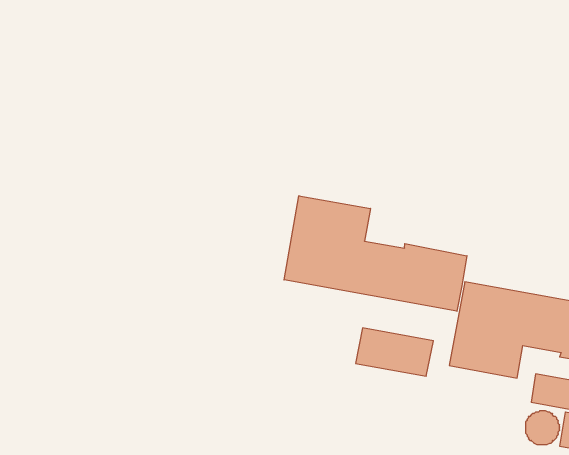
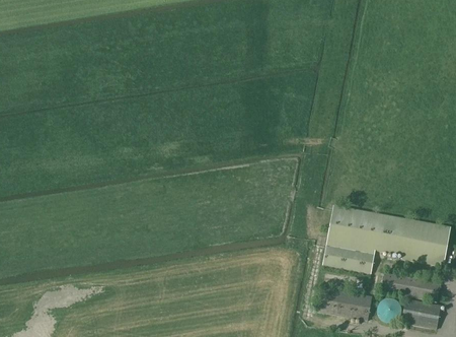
building: [284,196,467,311] -> none
building: [356,328,433,376] -> [316,286,372,321]

